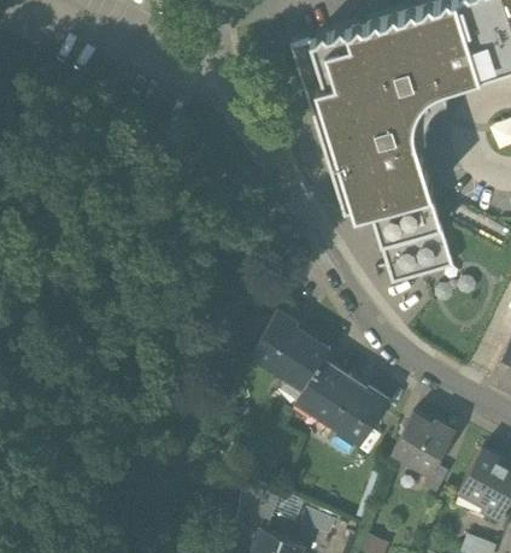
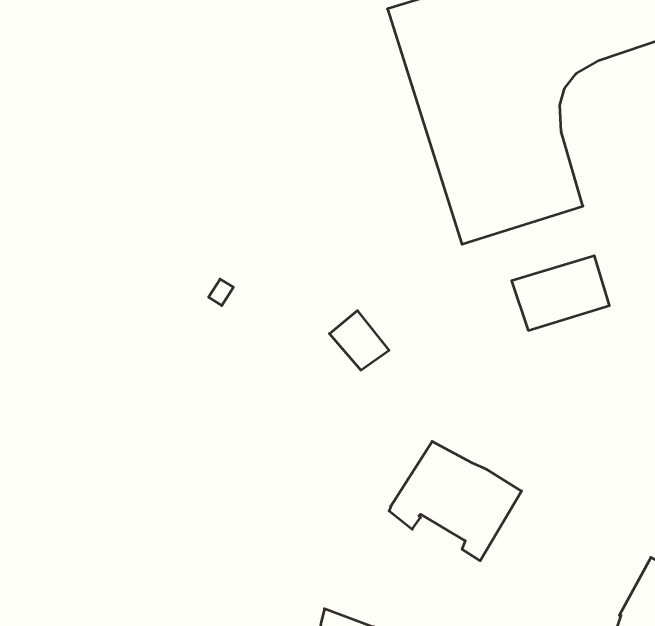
building: [375,194,446,247] -> none
building: [236,317,334,411] -> none
building: [394,416,459,486] -> none

